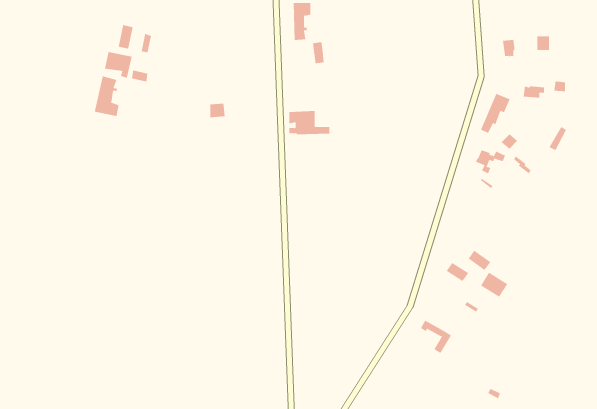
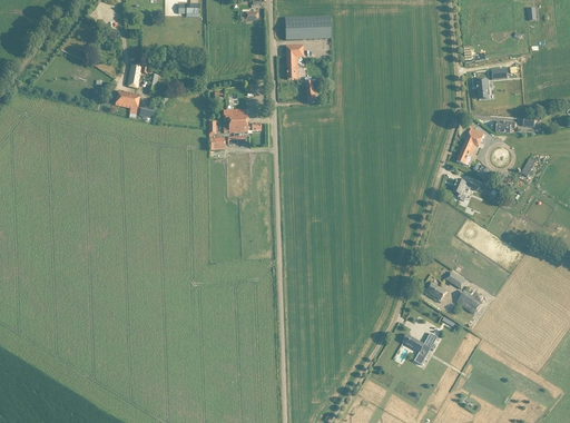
building: [94,75,119,117] -> none
building: [289,110,330,135] -> [223,108,261,130]

